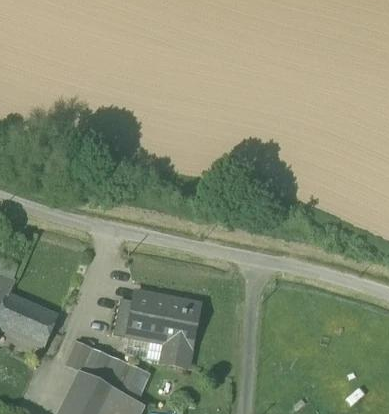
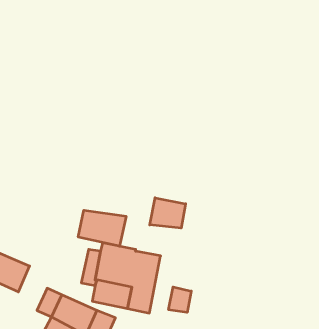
building: none -> [150,198,186,228]
building: none -> [78,210,126,246]
building: none -> [169,287,191,312]

